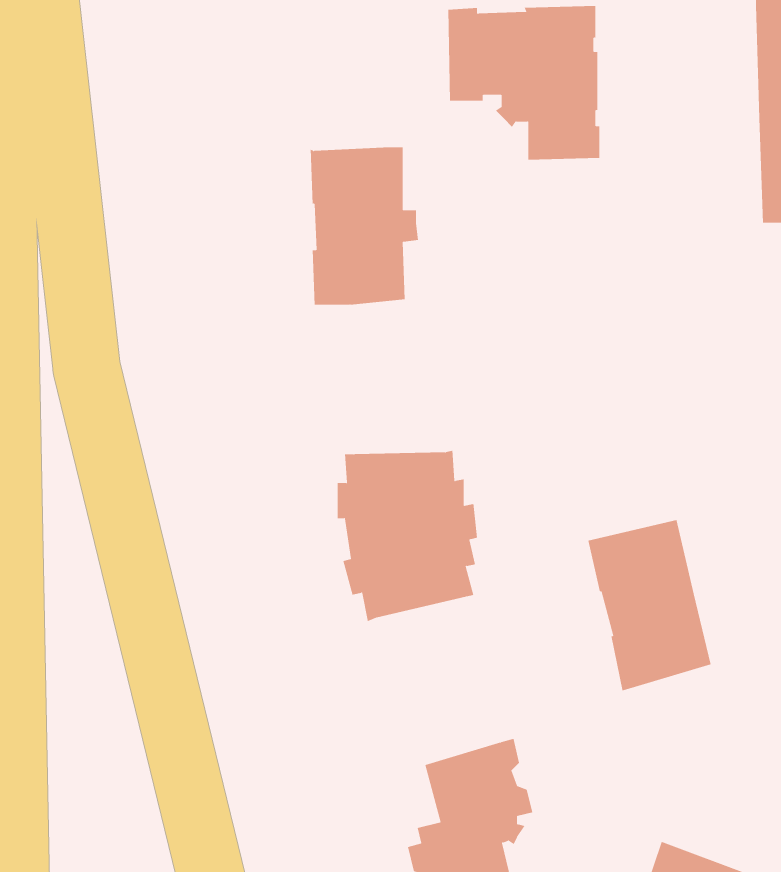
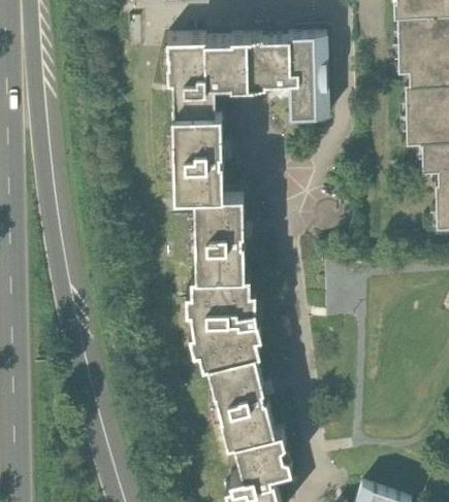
building: none -> [164,34,245,110]
building: none -> [191,191,243,274]
building: [588,519,712,691] -> [205,352,272,444]

